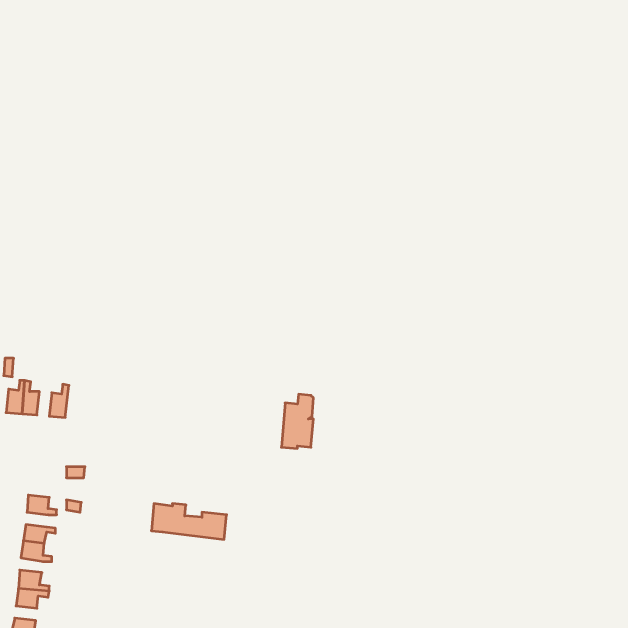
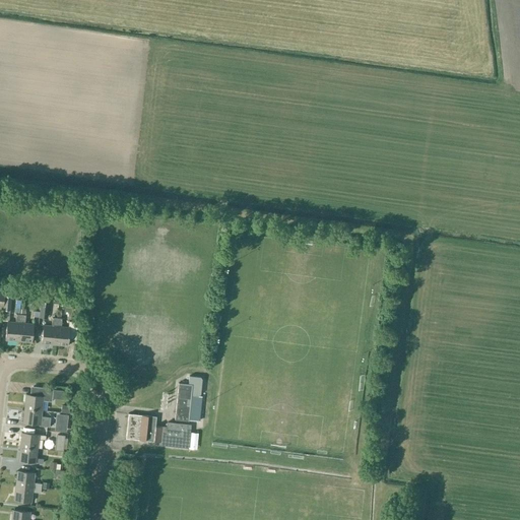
building: none -> [55,319,78,346]
building: [281,394,313,448] -> [176,377,202,421]
building: none -> [24,387,54,411]

